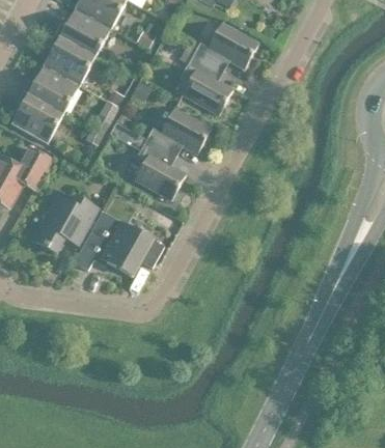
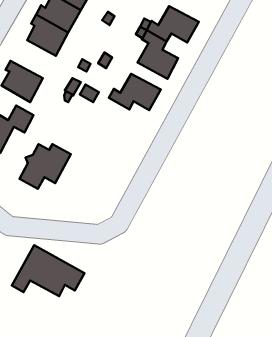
building: [22,65,79,113] -> none
building: [134,138,185,199] -> none
building: [73,211,164,275] -> [12,245,85,296]

